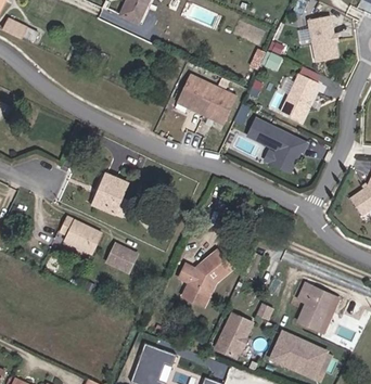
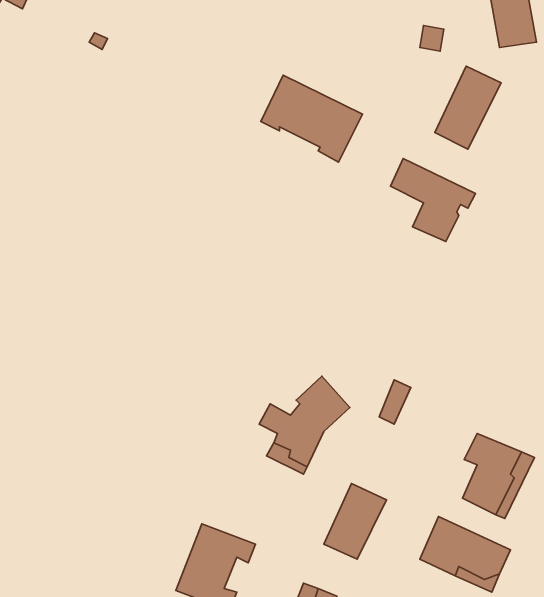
building: [91,175,125,215] -> none
building: [60,217,100,254] -> none
building: [101,245,135,274] -> none

